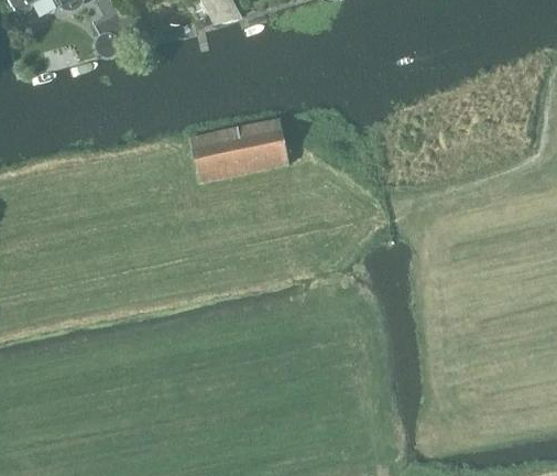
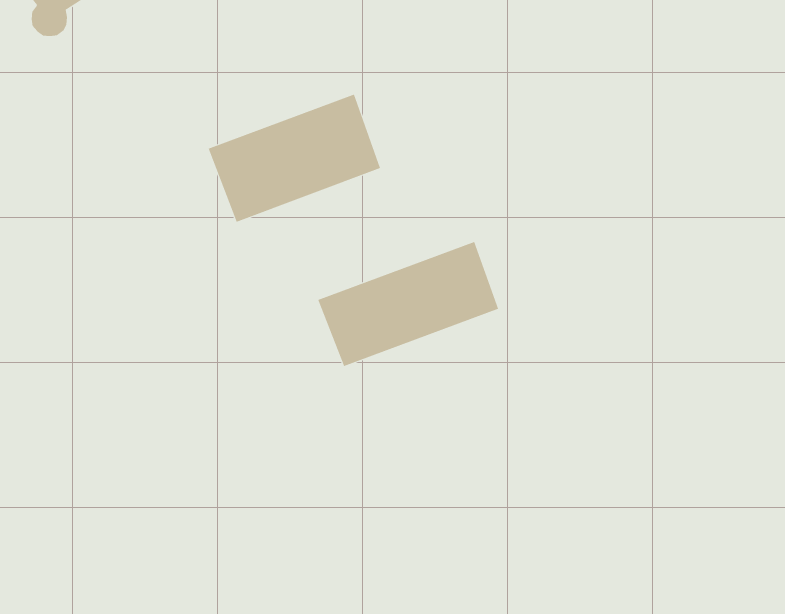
building: none -> [317,241,499,367]

